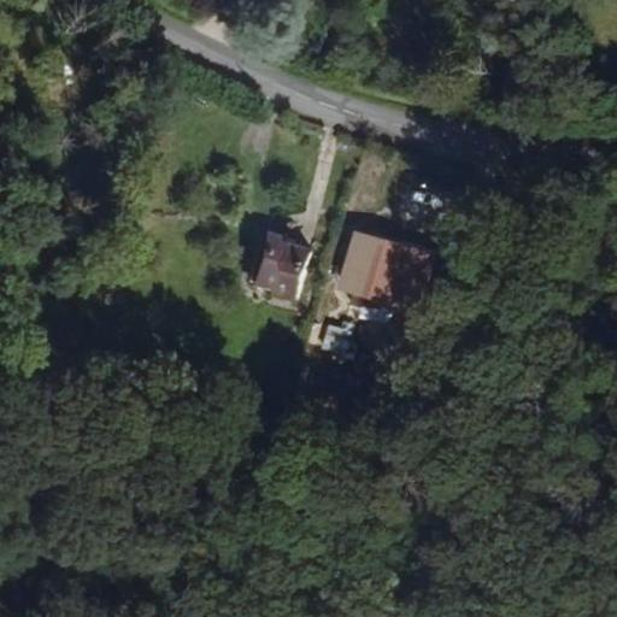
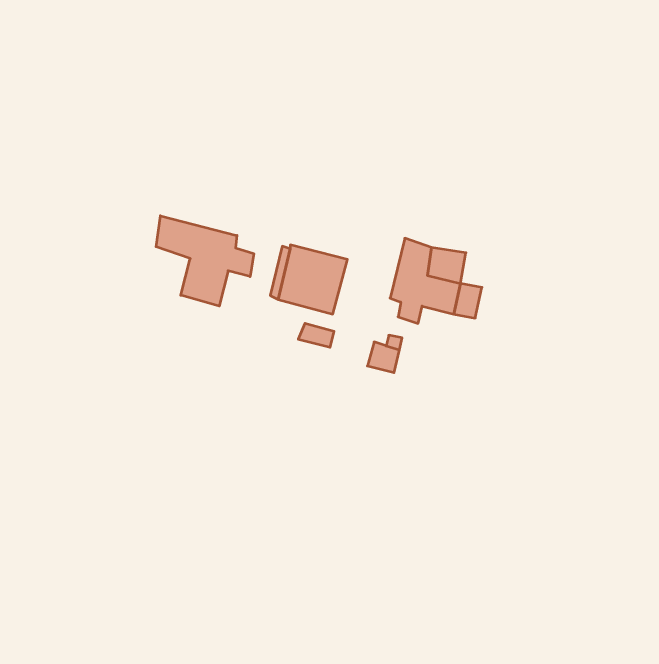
building: none -> [156,216,254,306]

